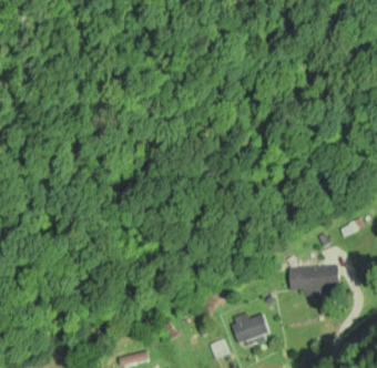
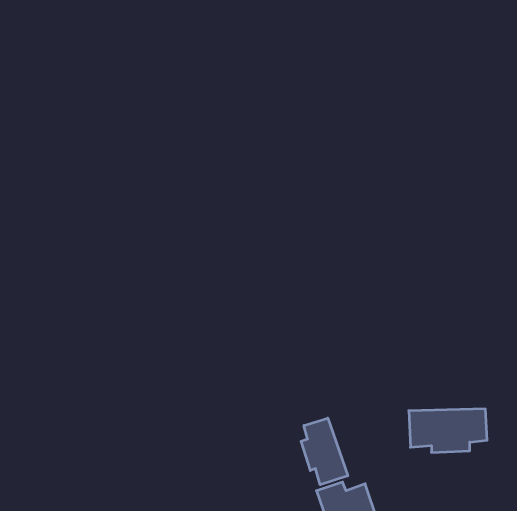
building: none -> [301,418,348,485]

